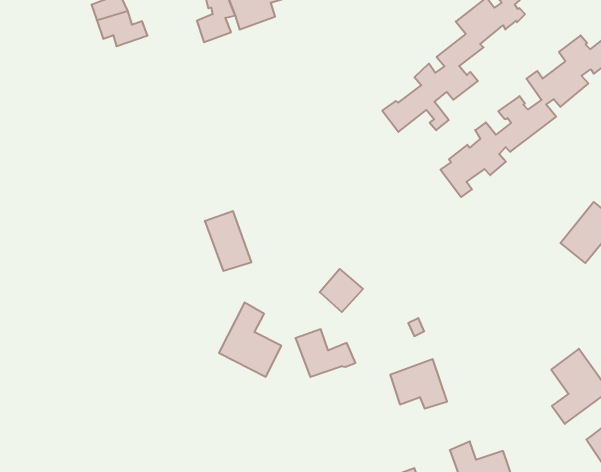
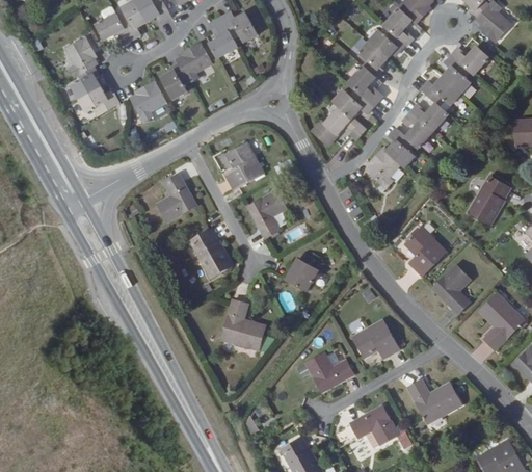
building: none -> [129,80,165,120]
building: none -> [223,142,263,189]
building: none -> [157,171,194,221]
building: none -> [247,189,286,241]
building: none -> [404,226,447,276]
building: none -> [433,264,471,314]
building: [295,329,355,377] -> [304,351,354,390]

